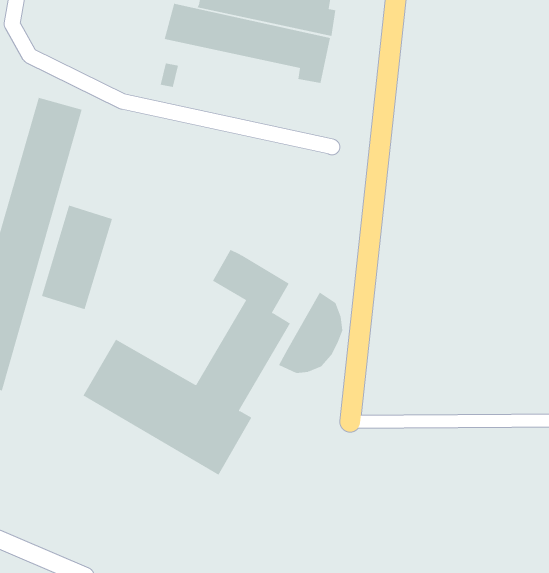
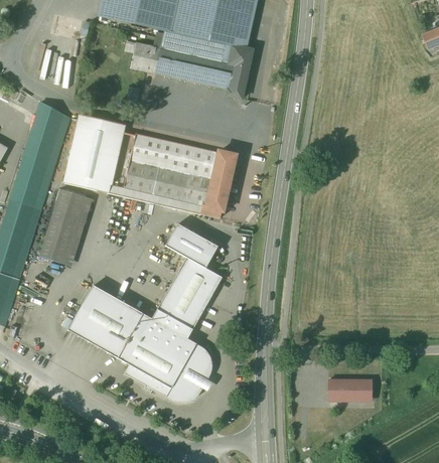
building: none -> [62,115,238,217]
building: [278,292,343,373] -> [162,343,209,403]
building: none -> [327,373,371,399]

